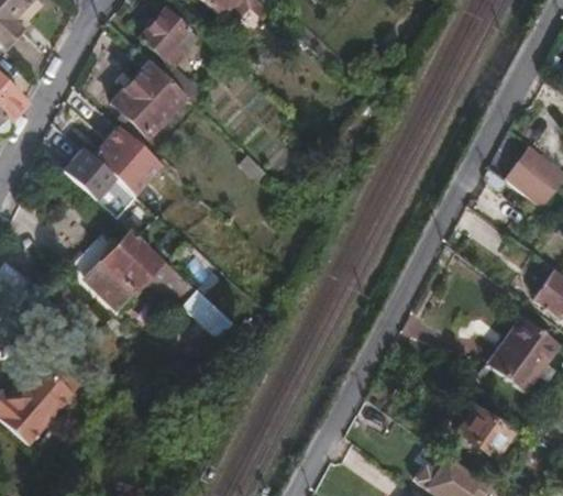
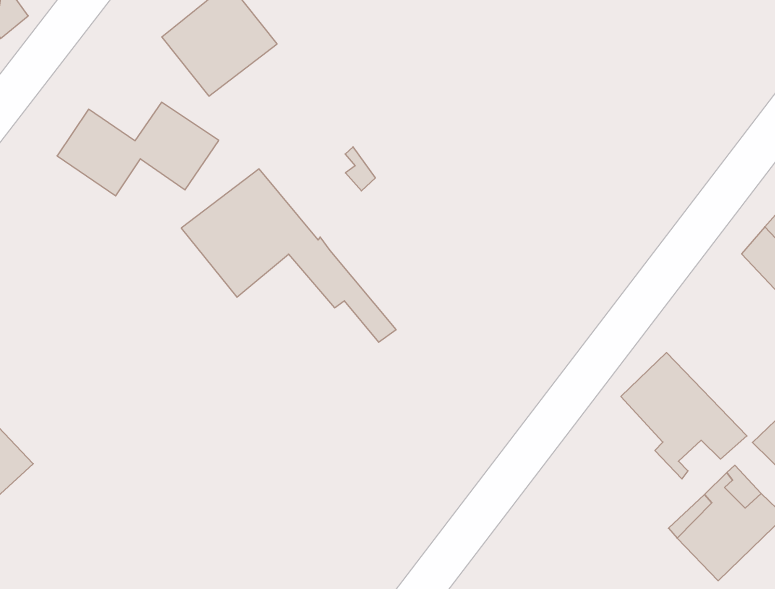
building: [74,221,222,320] -> [181,169,396,342]
building: none -> [621,353,747,479]

